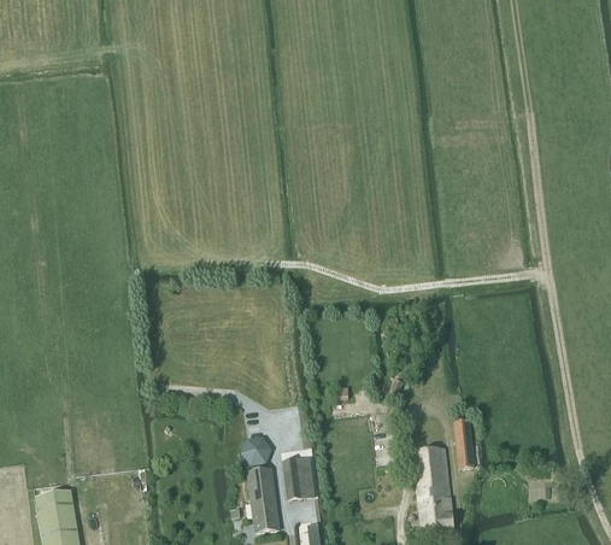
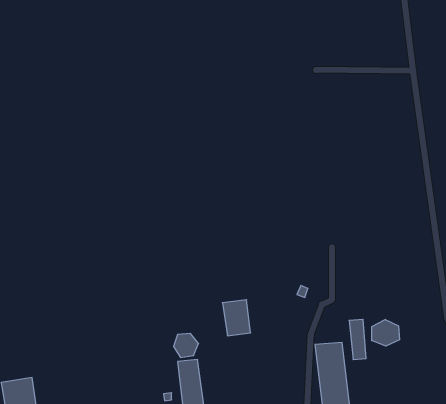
building: none -> [372,319,400,346]
building: [281,456,315,499] -> [222,300,251,336]

